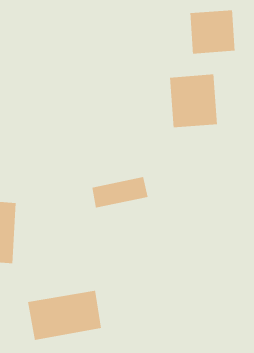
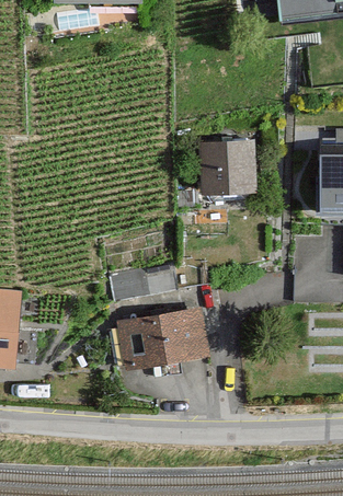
building: [190,9,235,54] -> none
building: [27,290,102,341] -> [110,307,201,368]

